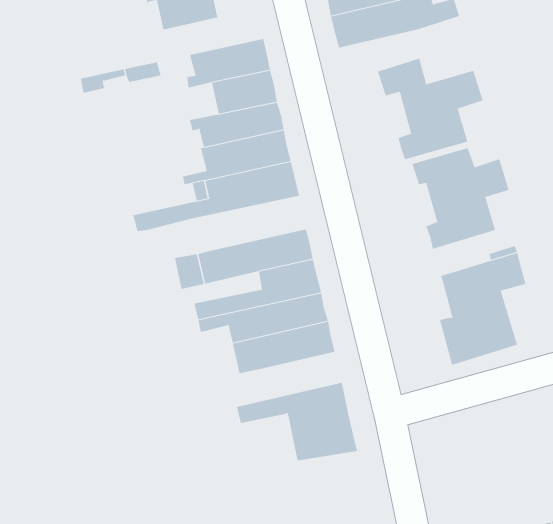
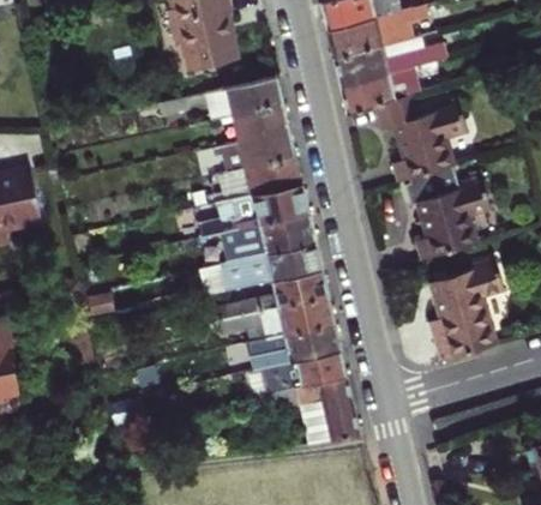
building: none -> [341,68,419,114]
building: none -> [216,214,313,263]
building: none -> [277,349,344,390]

